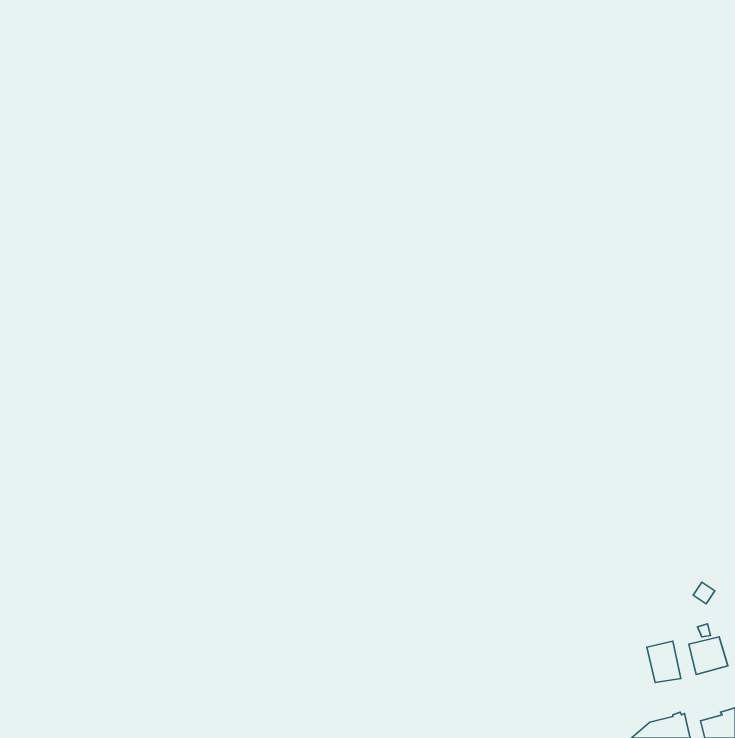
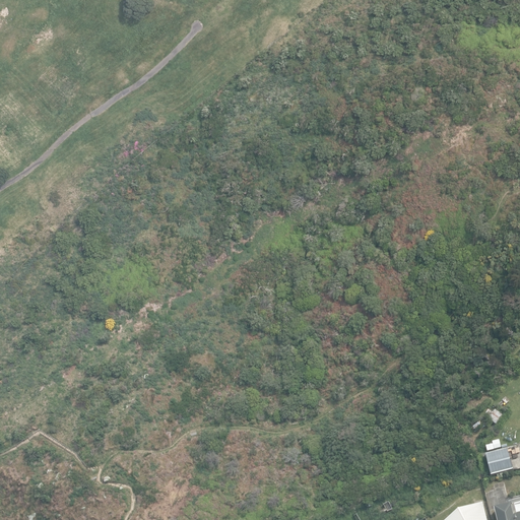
building: [647,641,681,683] -> none

